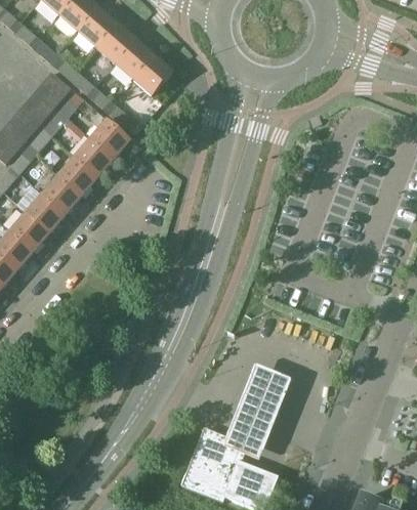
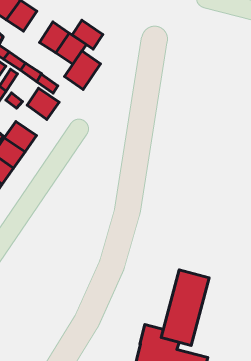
building: [96,24,134,62] -> none
building: none -> [72,20,103,49]
building: none -> [65,51,101,89]
building: [74,138,113,177] -> none

